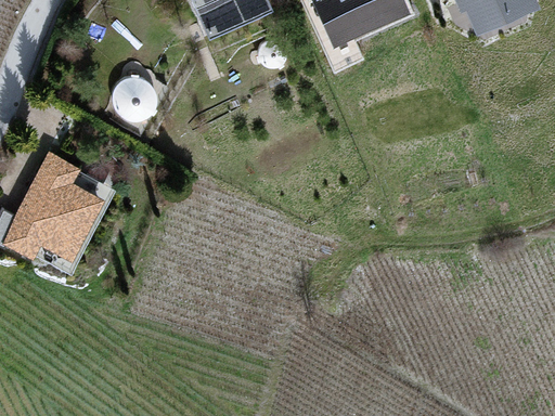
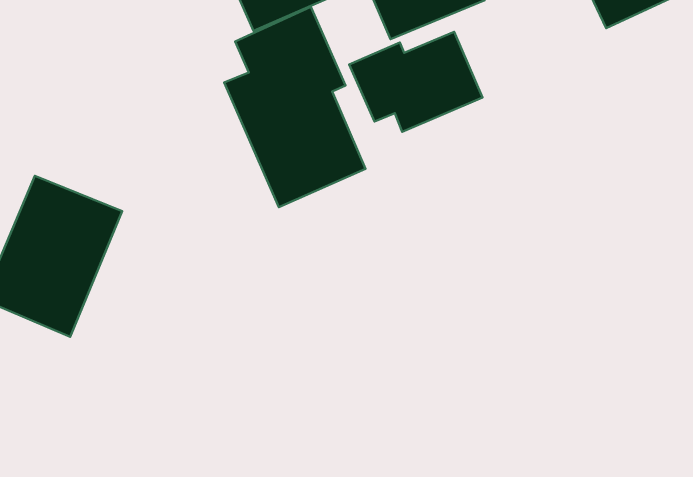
building: none -> [224,7,366,207]
building: none -> [349,32,482,132]

